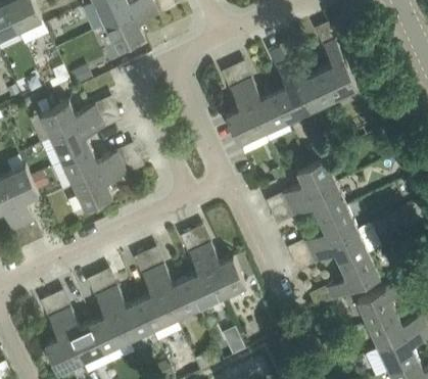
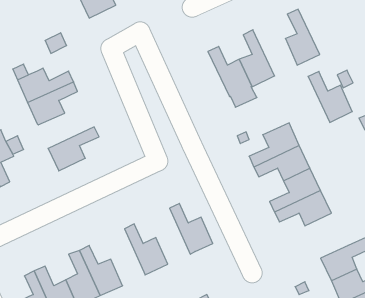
building: [286,58,332,111] -> [308,71,352,122]
building: [225,86,261,144] -> none
building: [62,150,121,187] -> none
building: [185,249,221,307] -> none
building: [326,254,378,300] -> none
building: [138,271,174,330] -> none

